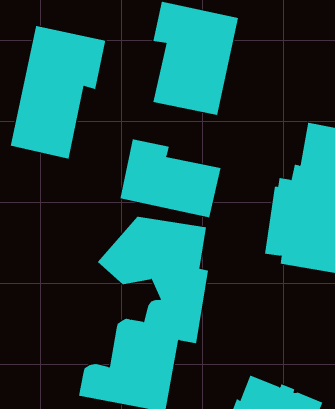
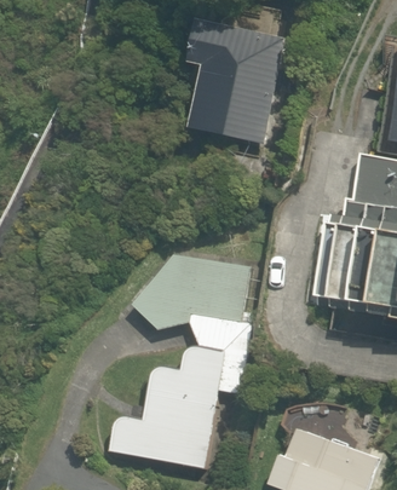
building: [10,25,106,160] -> none
building: [120,139,221,218] -> none

